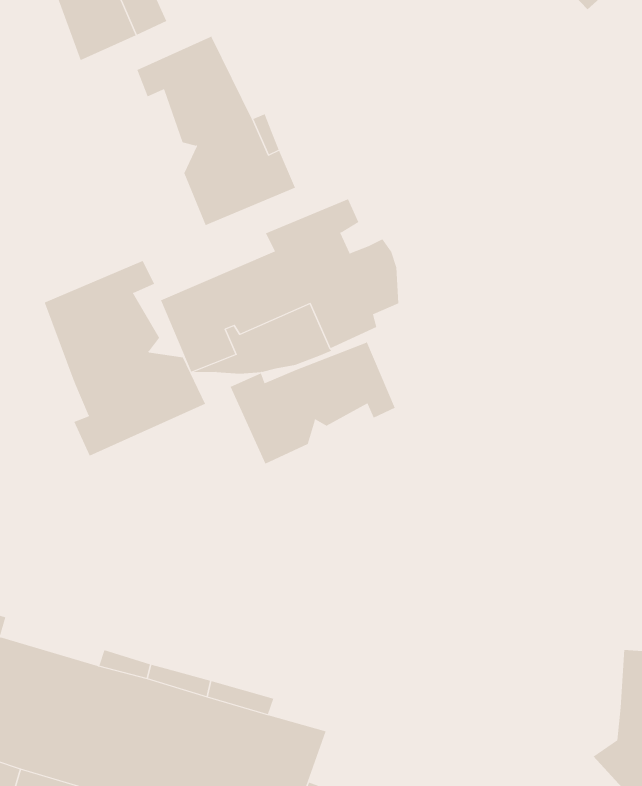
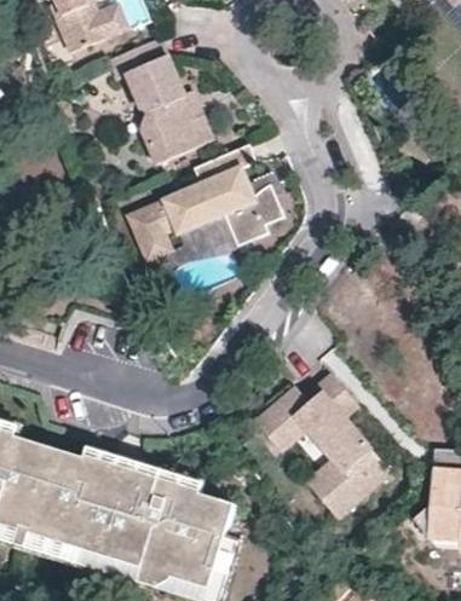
building: [43,260,206,456] -> none
building: [230,341,395,465] -> none
building: none -> [252,371,392,519]

